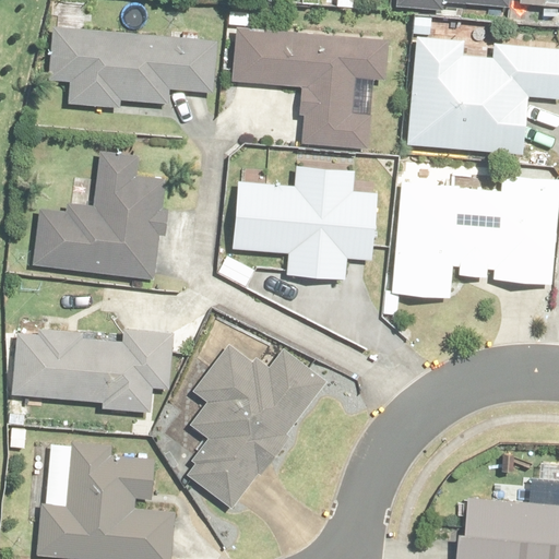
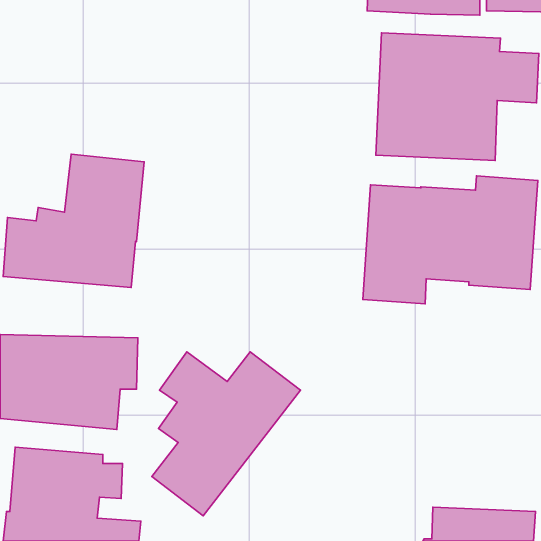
building: [35,29,206,117] -> none
building: [218,31,374,146] -> none
building: [218,168,371,285] -> none

